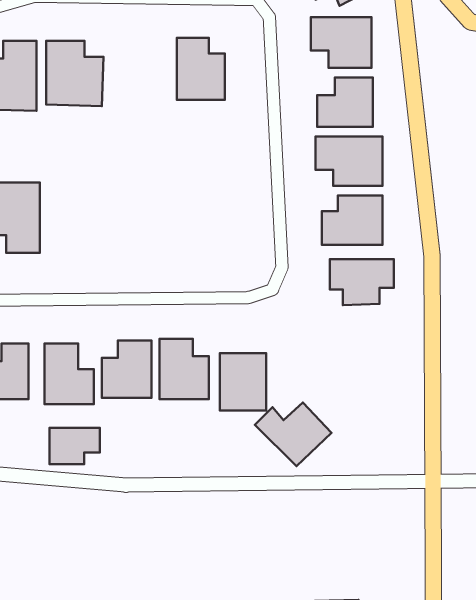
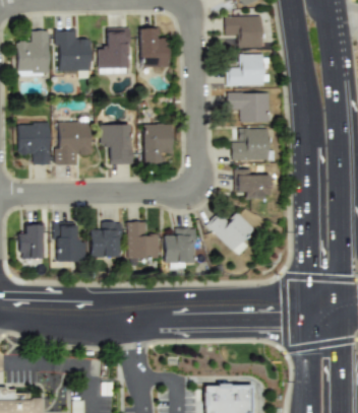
building: none -> [98,28,130,73]
building: none -> [58,114,92,164]
building: none -> [100,124,132,163]
building: none -> [143,124,172,163]
building: [255,403,331,466] -> [208,212,257,253]
building: [49,428,100,464] -> none

